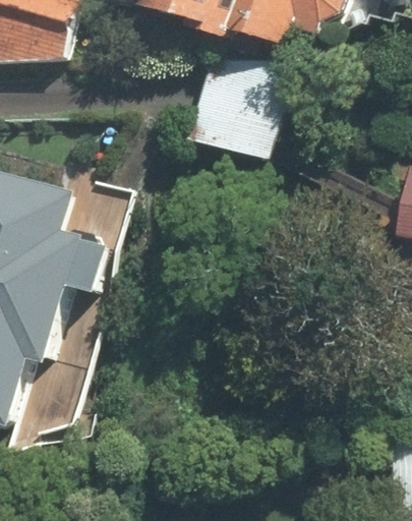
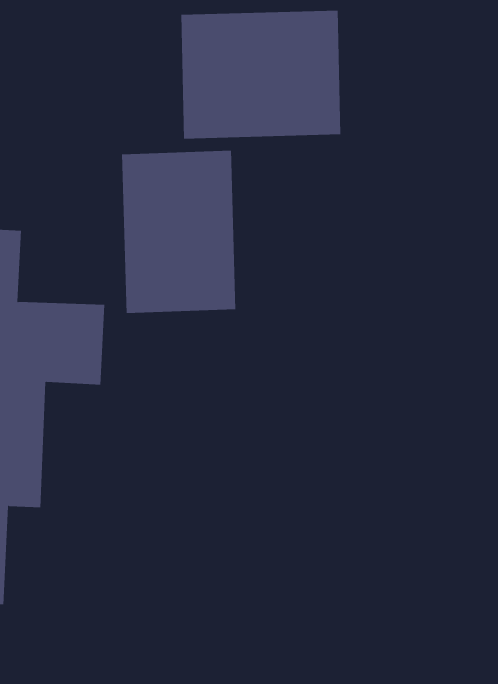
building: none -> [122,150,236,314]

